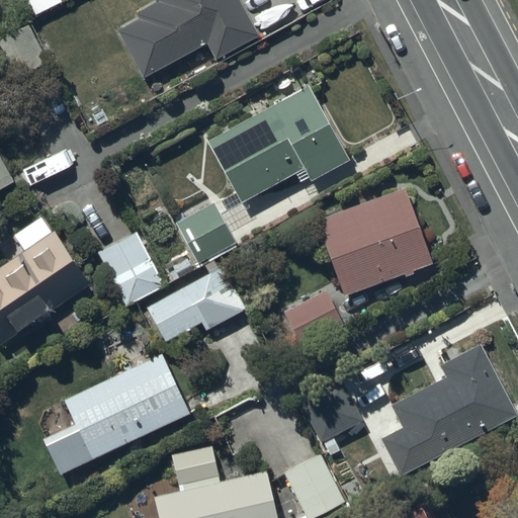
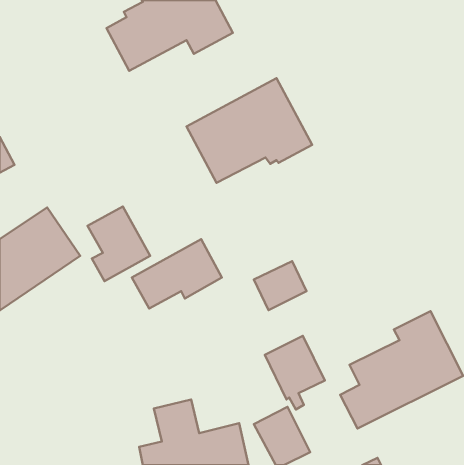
building: [315,189,431,296] -> none
building: [175,204,235,264] -> none
building: [45,355,189,474] -> none

